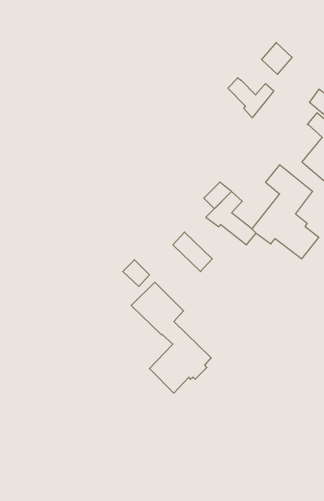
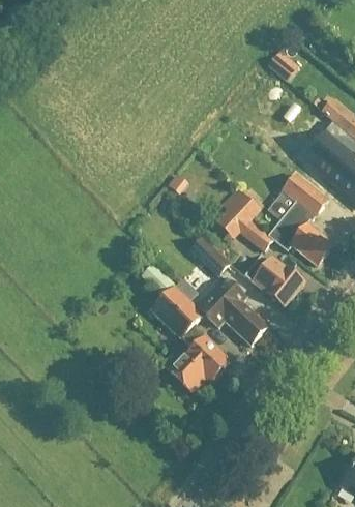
building: [228,78,274,118] -> none
building: none -> [244,256,303,305]
building: none -> [197,278,266,345]

